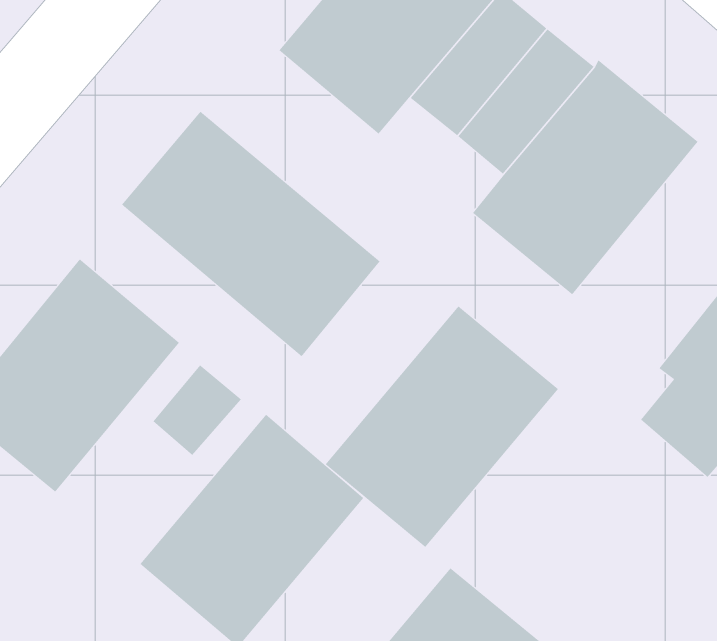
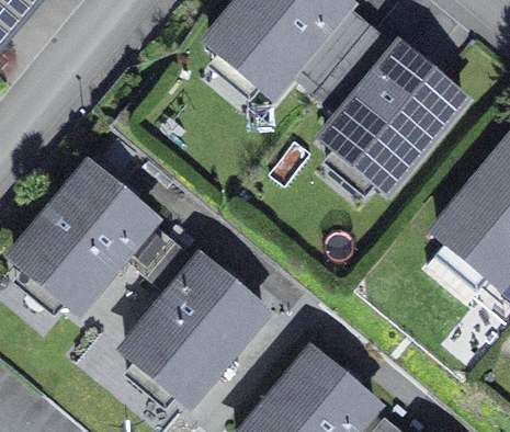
building: [121,111,380,357] -> none
building: [325,305,559,548] -> none

